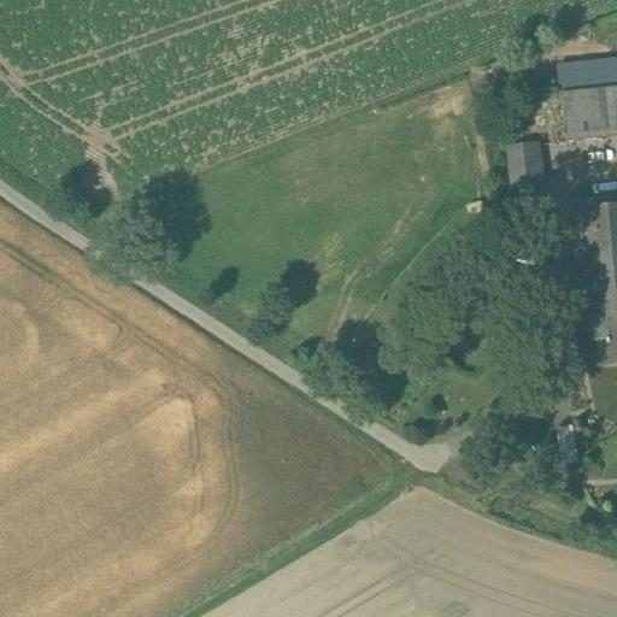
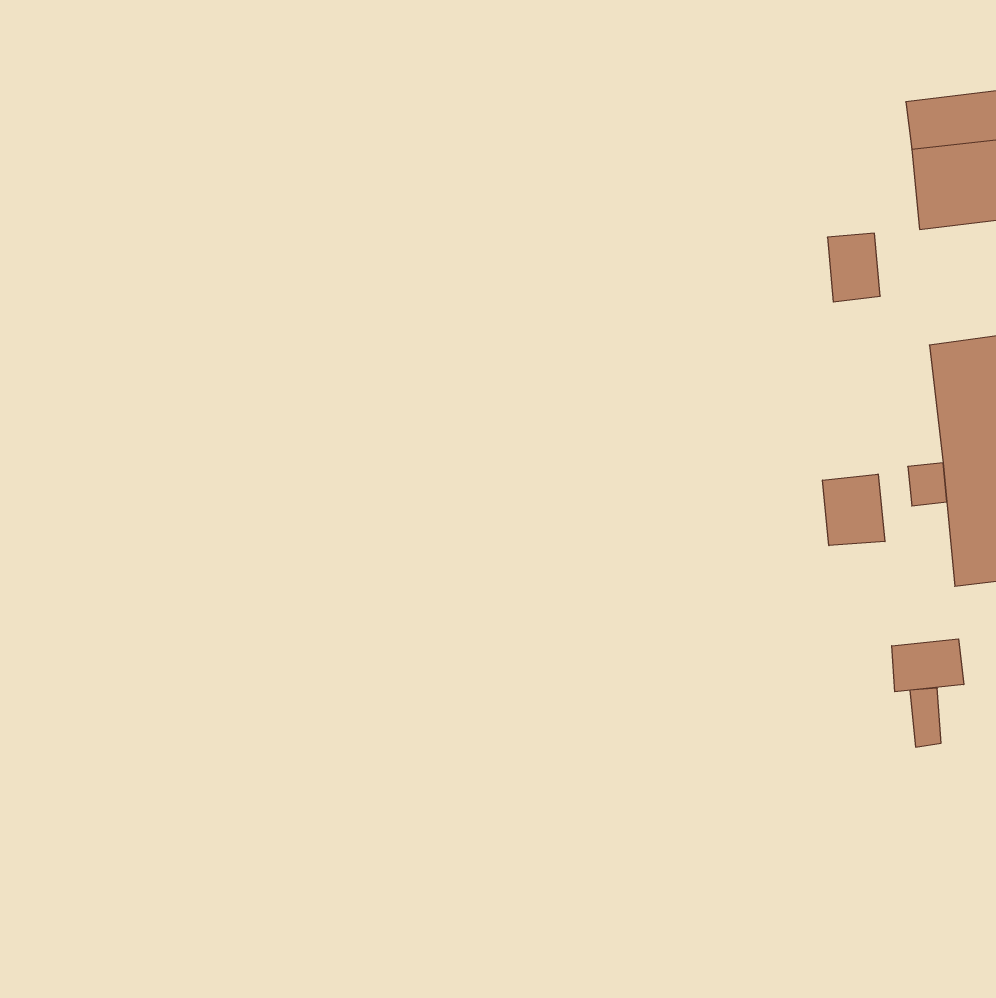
building: none -> [823,474,885,546]
building: none -> [892,639,964,692]

